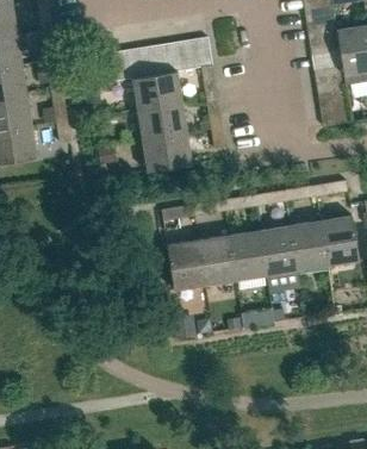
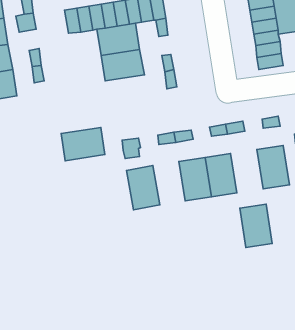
building: [142,132,193,172] -> [61,127,105,161]
building: [290,220,328,272] -> [240,204,272,248]
building: [198,235,236,286] -> none

